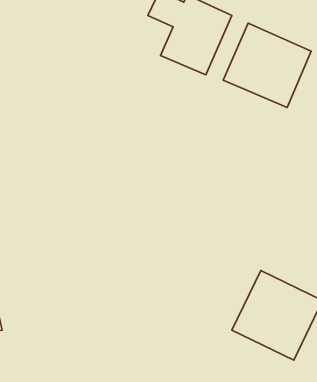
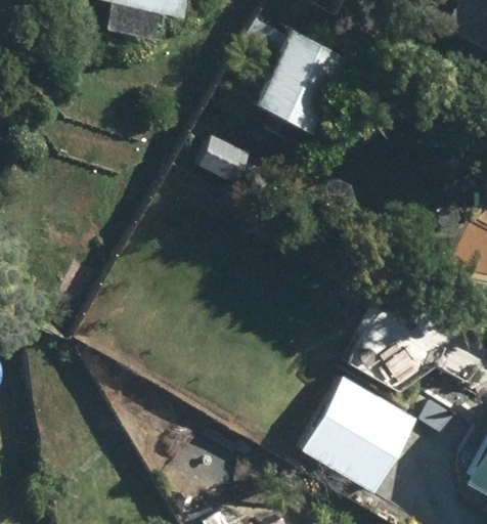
building: [223,23,311,108] -> none

